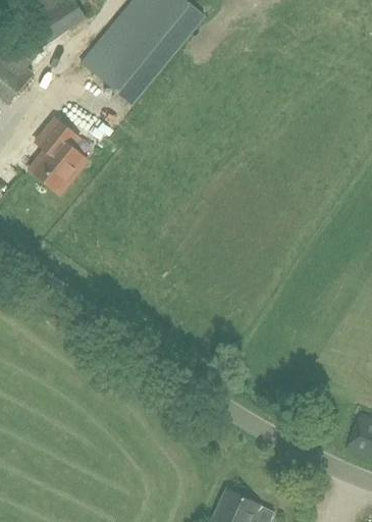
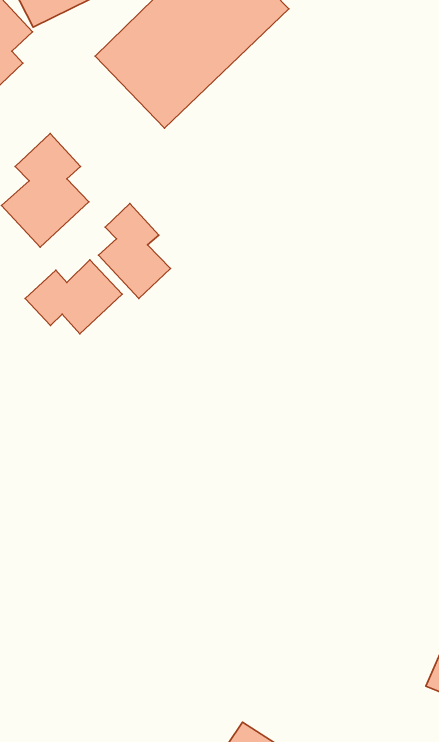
building: none -> [99,204,170,298]
building: none -> [25,260,122,334]

